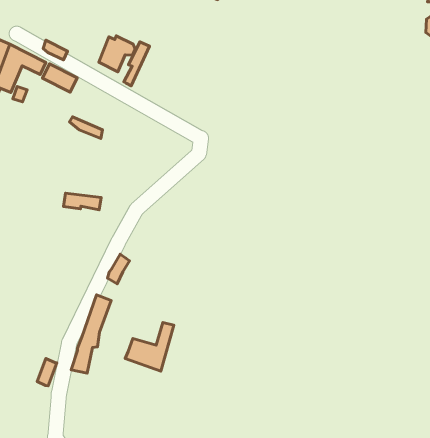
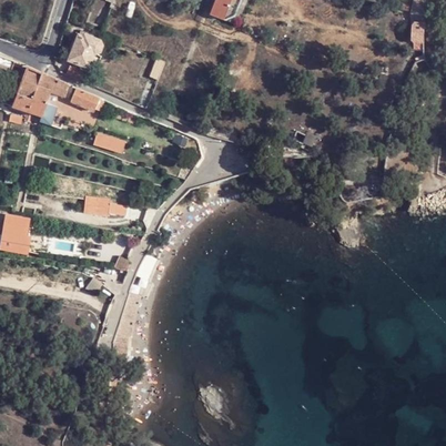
building: [99,36,135,72] -> [70,34,102,67]
building: [125,323,174,371] -> none

